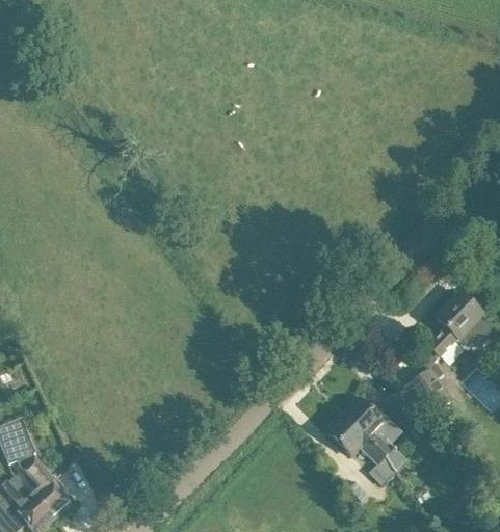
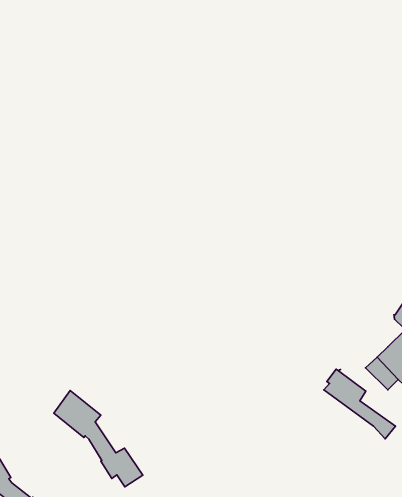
building: none -> [54,390,143,487]
building: [324,414,393,482] -> none

